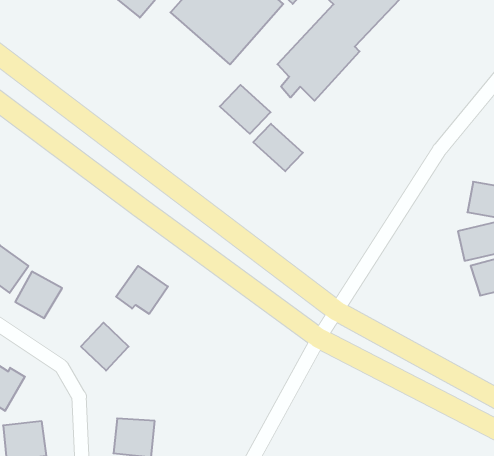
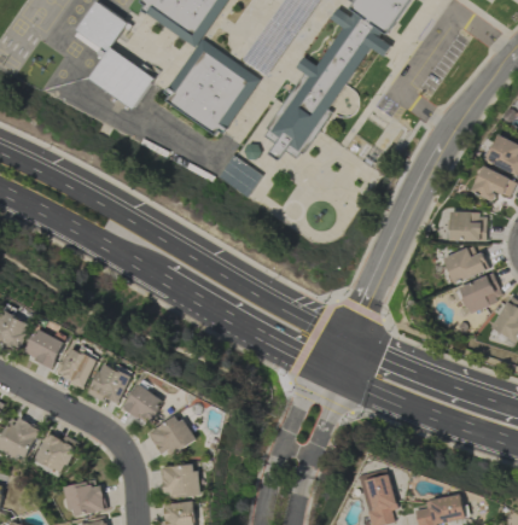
building: [253,124,303,171] -> none
building: [116,266,168,314] -> [87,363,132,404]
building: none -> [149,415,193,457]

